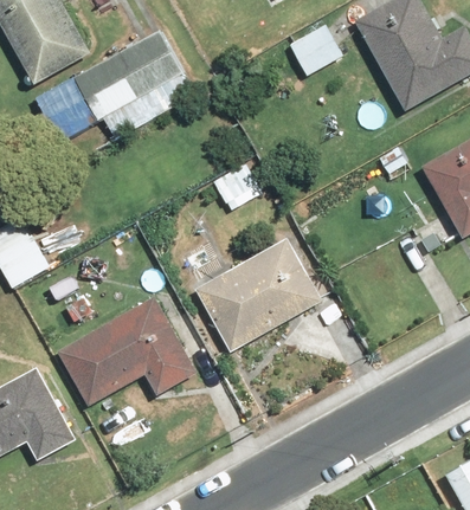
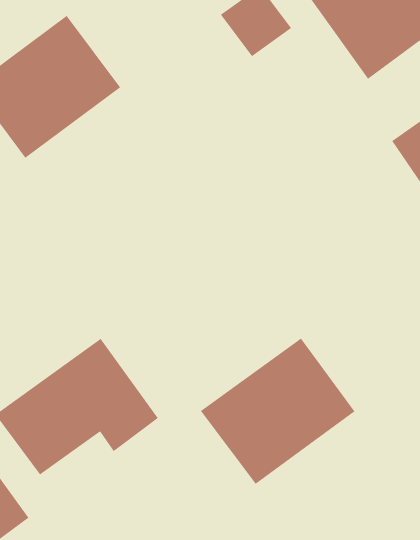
building: [194,235,324,354] -> [200,338,356,485]

